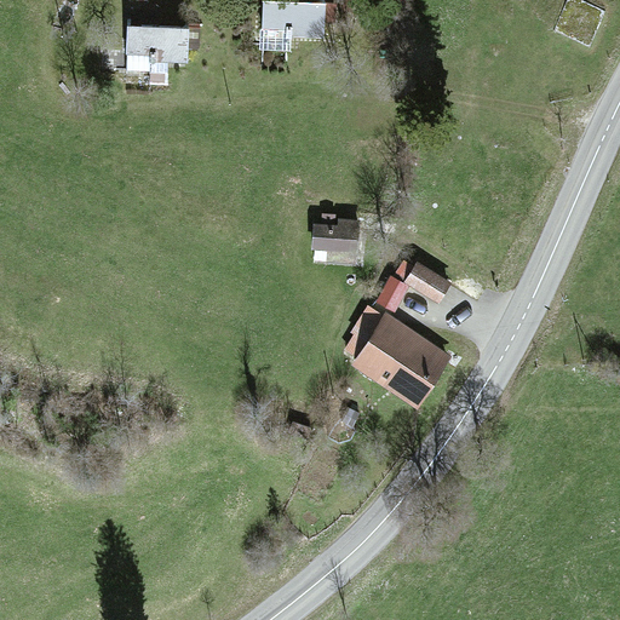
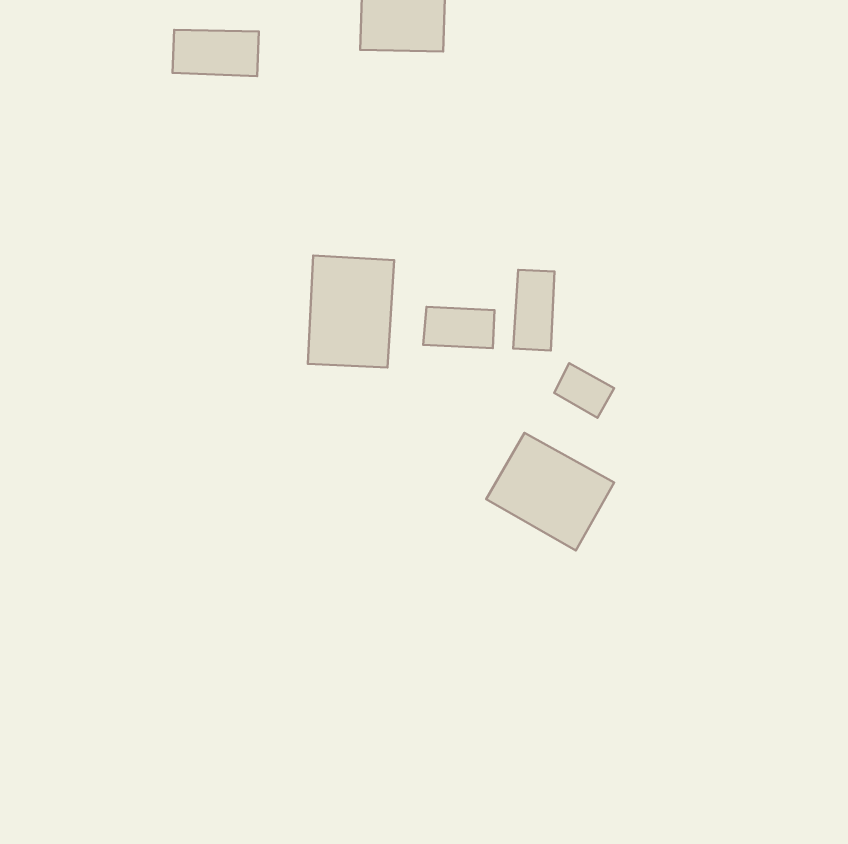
building: none -> [308,256,394,367]
building: none -> [513,270,554,350]

